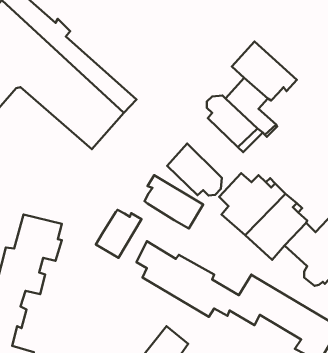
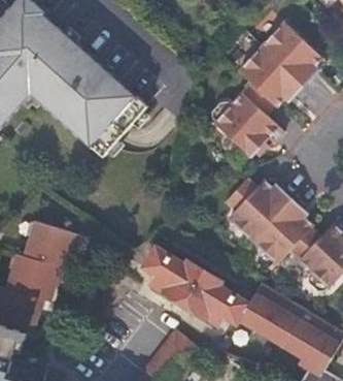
building: none -> [262,23,322,87]
building: [167,143,222,195] -> none
building: [145,175,203,229] -> none
building: [96,210,142,258] -> none

